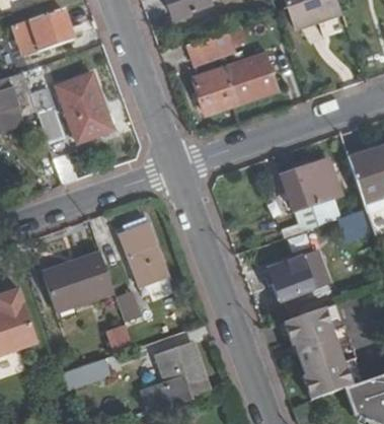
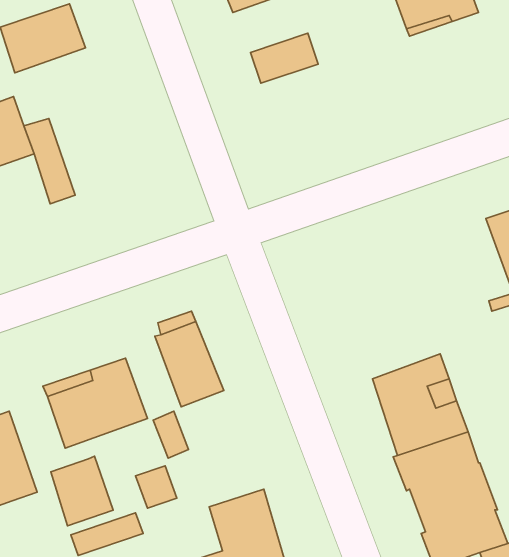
building: [191,48,276,110] -> none
building: [55,73,110,144] -> none
building: [281,159,341,228] -> none
building: none -> [51,456,113,526]

